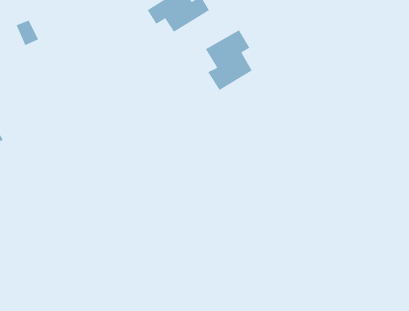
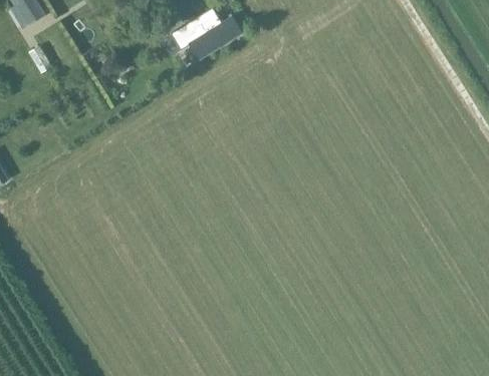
building: [205,29,252,91] -> none

